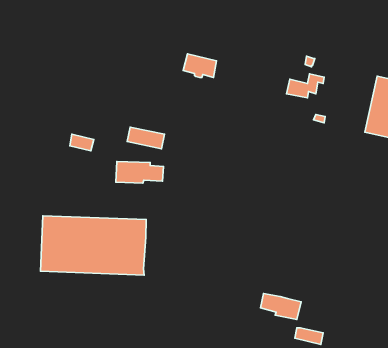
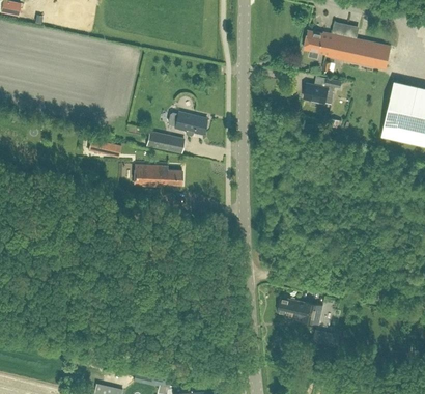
building: none -> [304,30,390,69]
building: [183,54,217,78] -> [173,112,206,136]
building: [41,216,146,275] -> none

